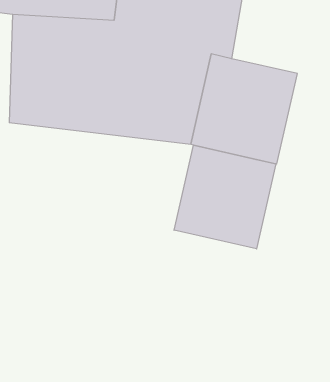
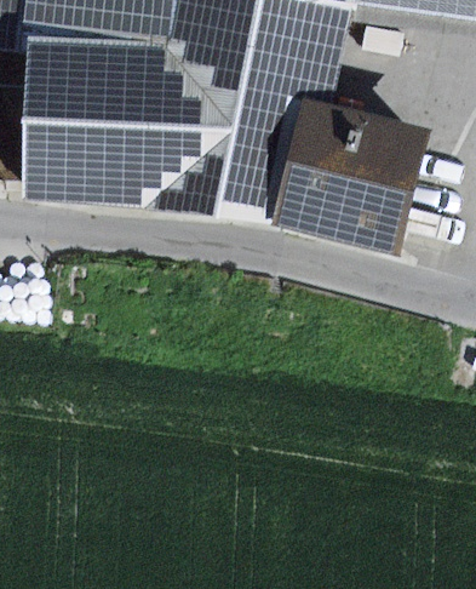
building: [174,145,276,249] -> none

